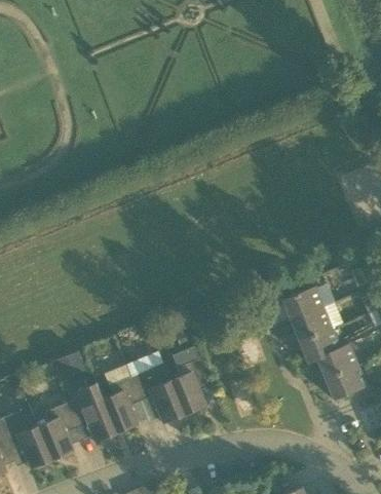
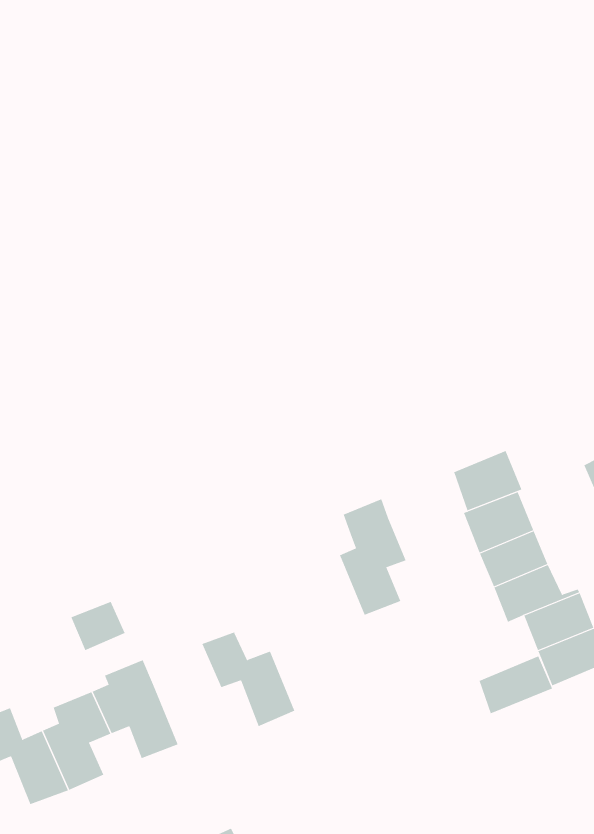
building: none -> [453,450,522,511]
building: [172,346,211,414] -> [339,499,407,615]
building: [104,375,143,433] -> none
building: none -> [479,655,553,714]

